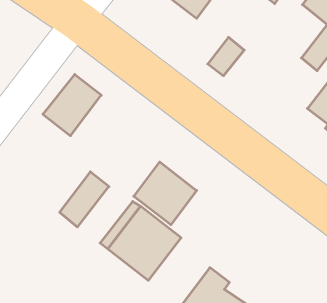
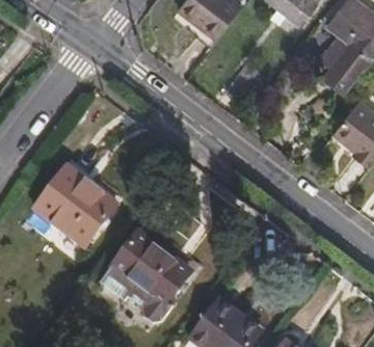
building: [43,74,101,136] -> [41,178,102,242]
building: [134,162,197,225] -> none

